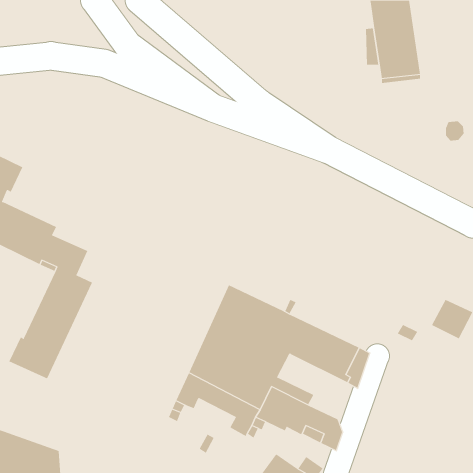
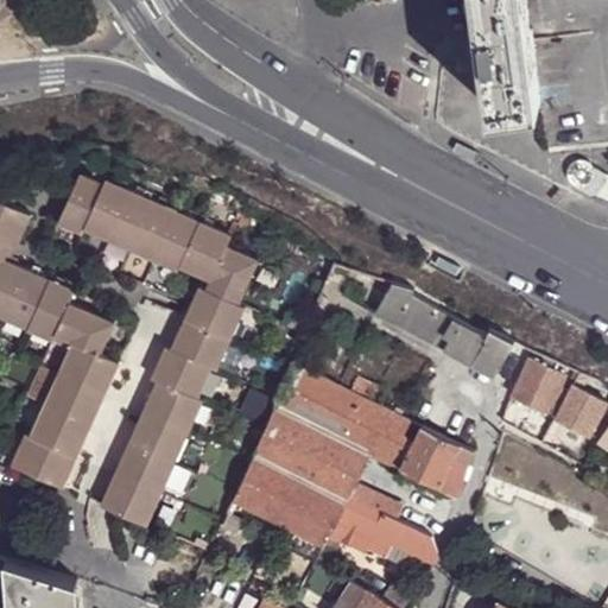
building: none -> [56,175,256,525]
building: none -> [375,280,513,375]
building: none -> [509,356,566,418]

